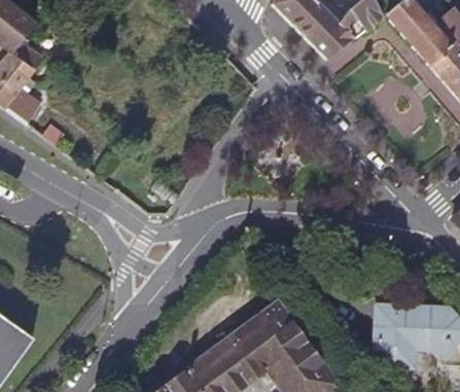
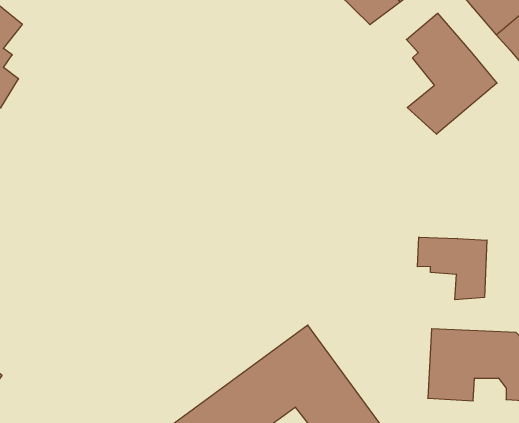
building: none -> [406,13,497,134]
building: none -> [417,237,487,300]

